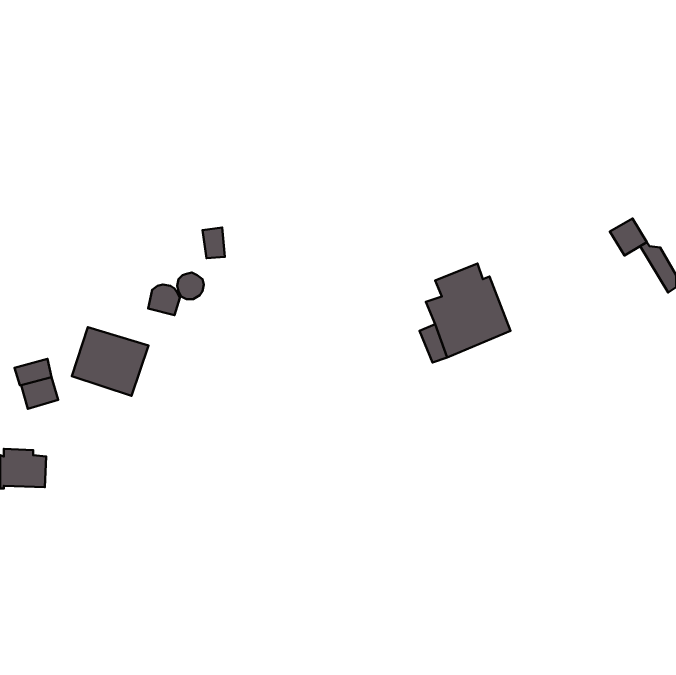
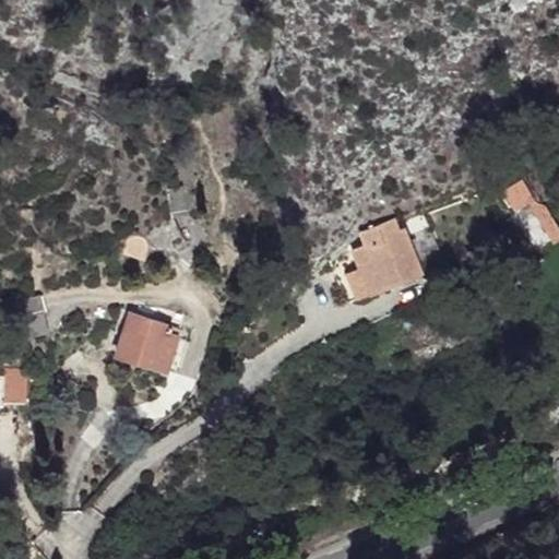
building: [72,327,149,396] -> [117,316,180,372]

